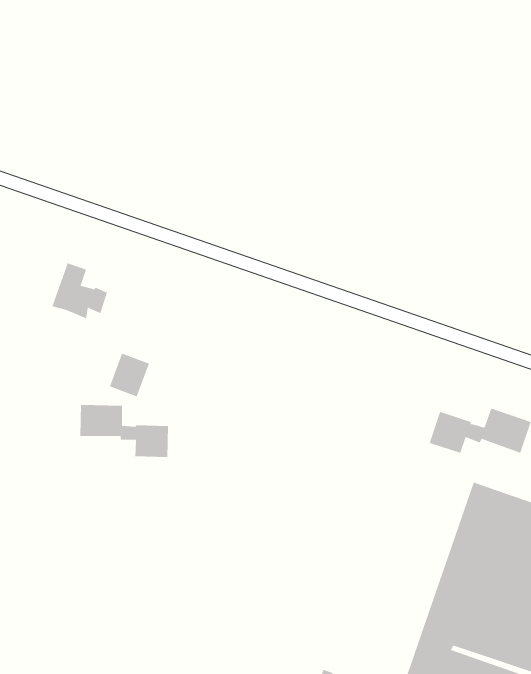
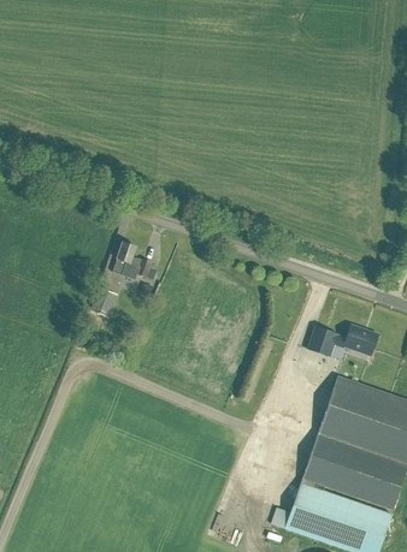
building: [51,262,108,319] -> [112,241,151,279]
building: [80,404,169,458] -> none

